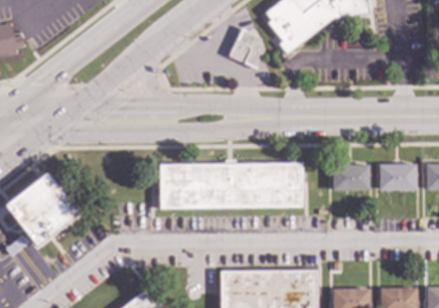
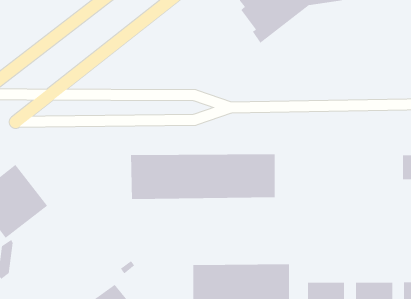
building: [229,27,264,69] -> none
building: [332,165,370,190] -> none
building: [380,165,417,190] -> none

